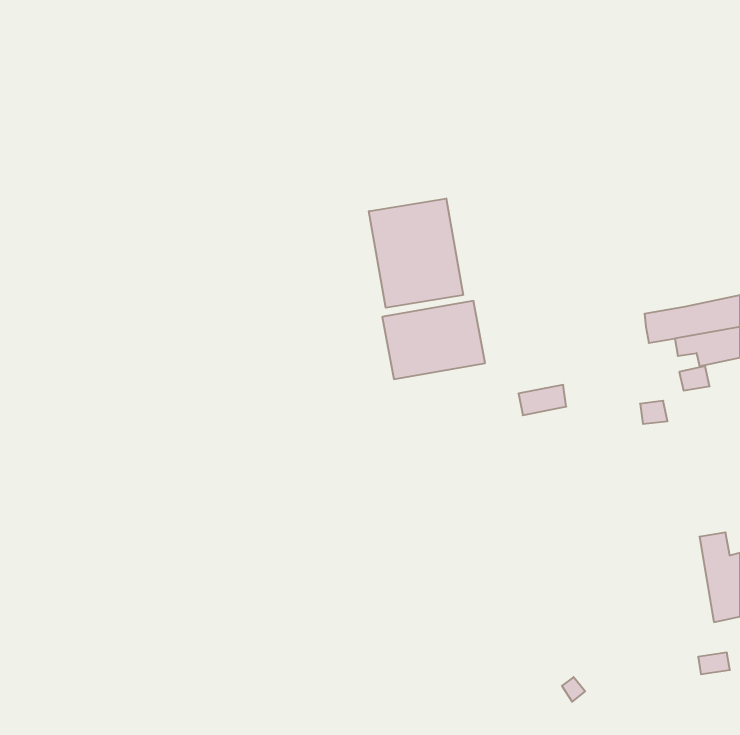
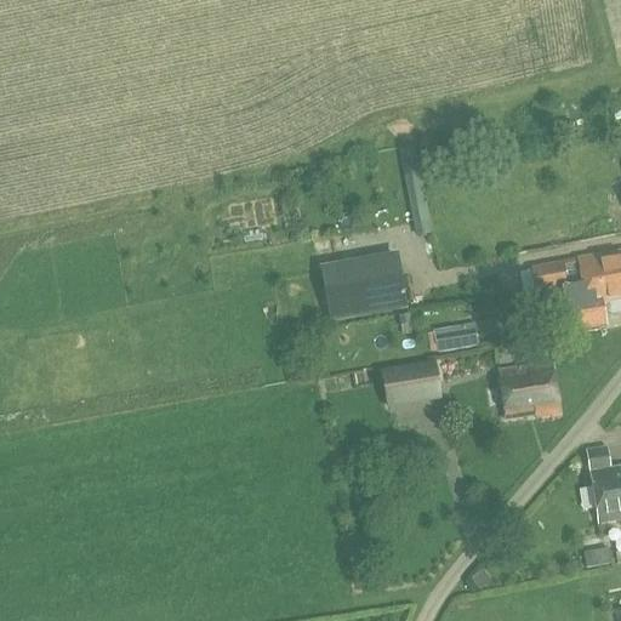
building: [369,198,463,308] -> none
building: none -> [500,360,559,418]
building: none -> [384,361,439,403]

